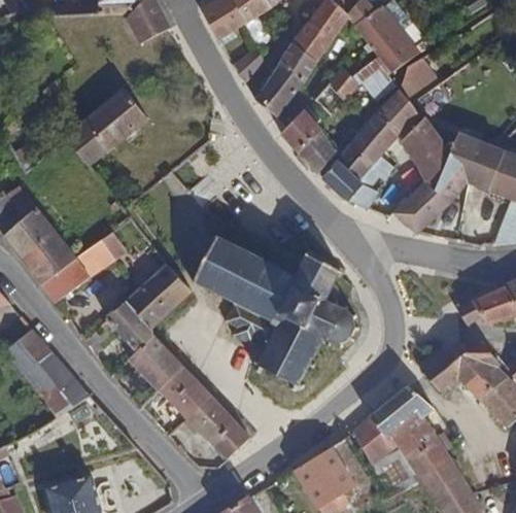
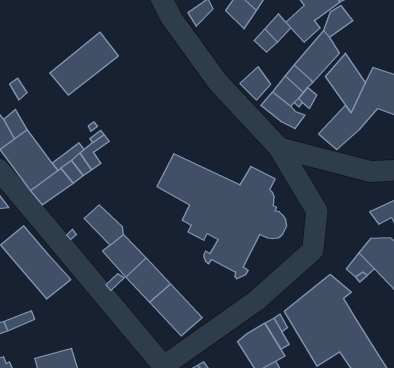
building: [254,62,302,117] -> none
building: [281,107,319,151] -> none
building: [124,262,193,328] -> none

